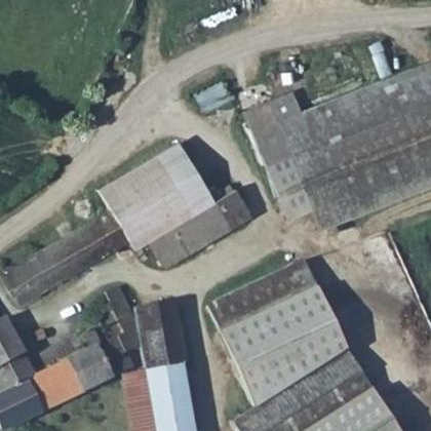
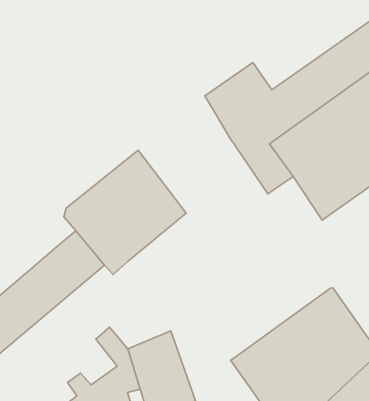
building: [151,191,251,267] -> none
building: [211,265,318,339] -> none

